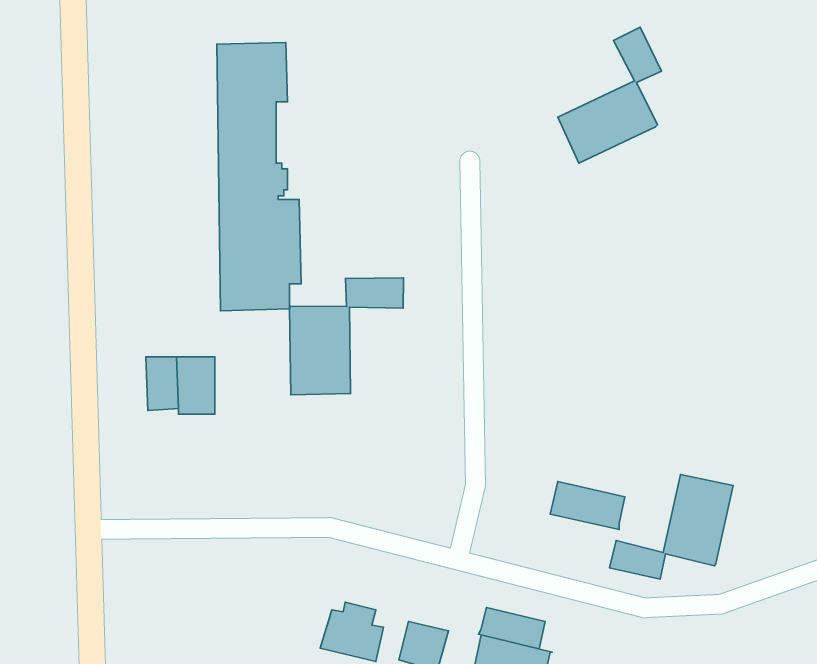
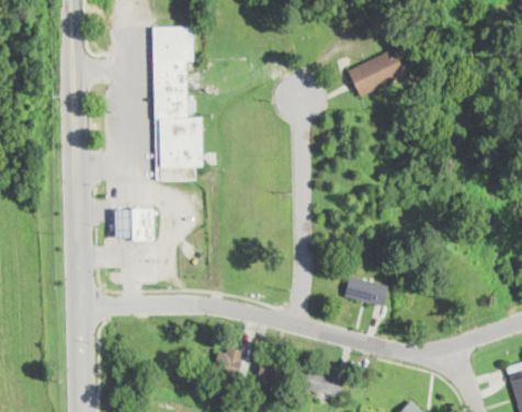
building: [290,278,403,395] -> none
building: [610,474,733,579] -> none
building: [479,607,545,649] -> none

